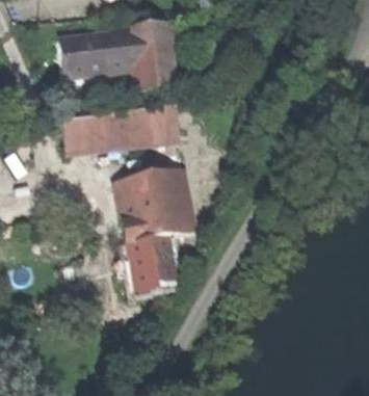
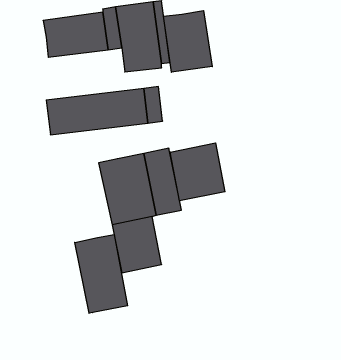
building: none -> [164,11,212,72]
building: none -> [170,143,225,201]
building: none -> [75,235,128,313]

